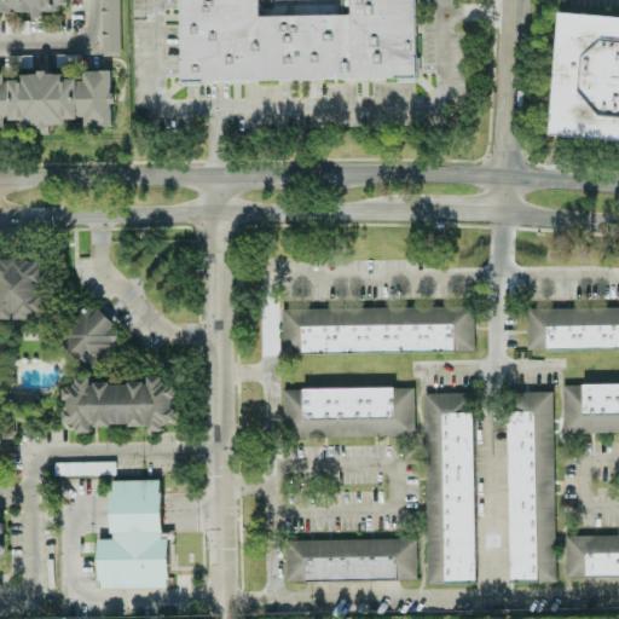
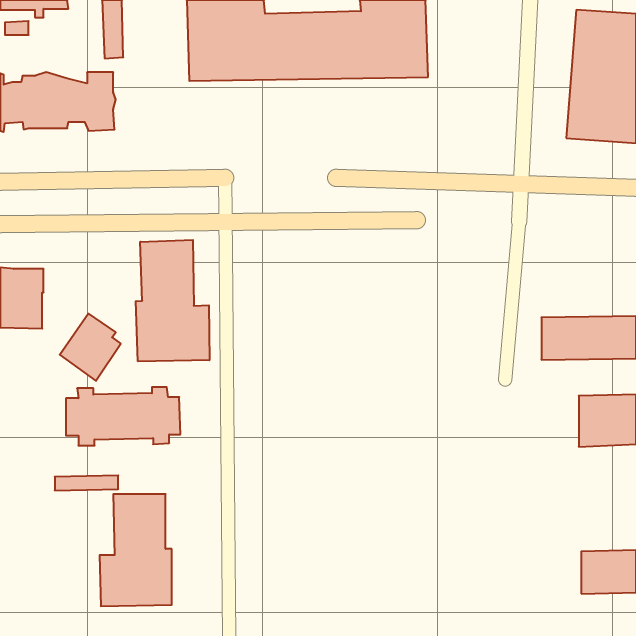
building: none -> [136,240,209,361]
building: [280,306,473,354] -> none
building: [283,387,413,438] -> none
building: [507,392,555,583] -> none
building: [423,393,476,584] -> none
building: [284,538,416,582] -> none

